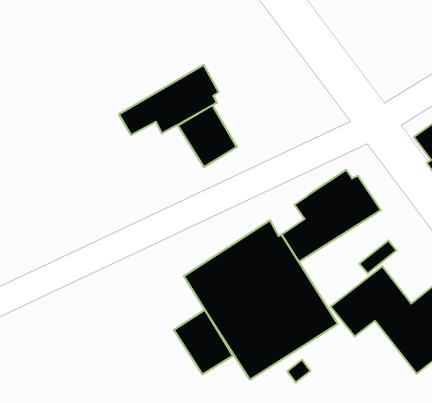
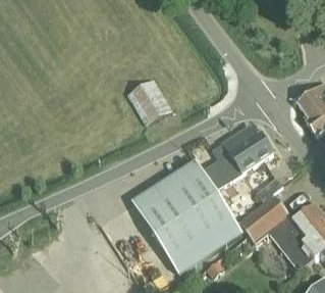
building: [119,65,218,135] -> none
building: [174,310,233,375] -> none

